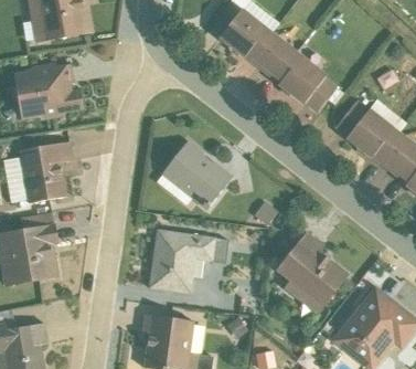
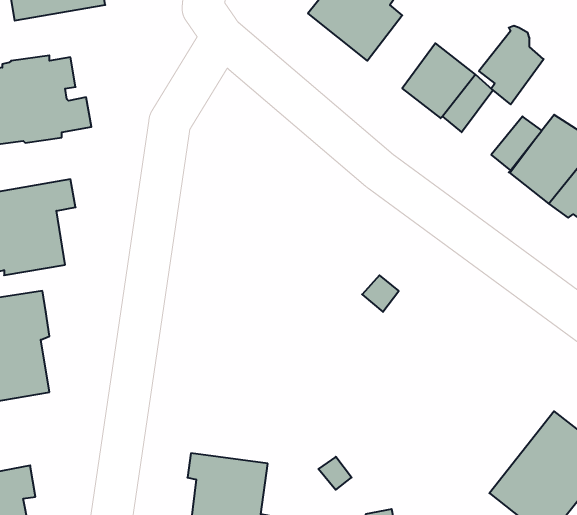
building: [259,34,300,84] -> [479,26,544,104]
building: [156,140,232,210] -> none
building: [149,230,215,293] -> none
building: [277,234,346,313] -> none

